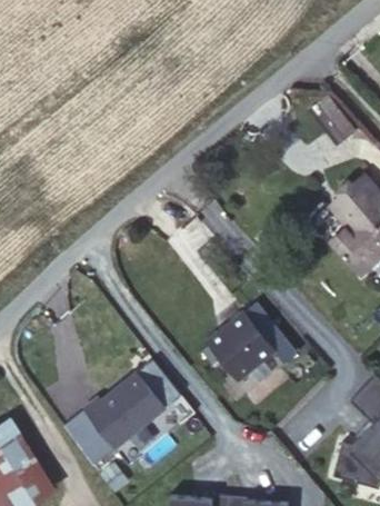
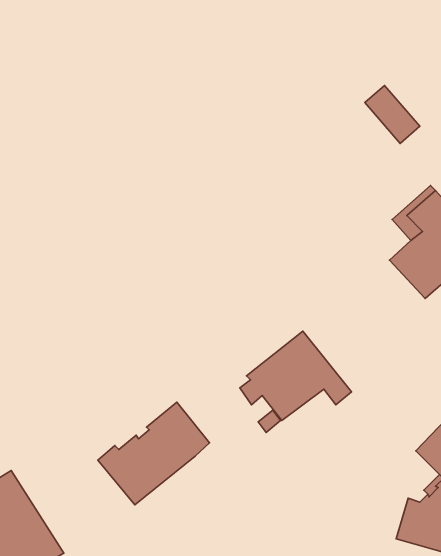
building: [64,410,114,465] -> none

